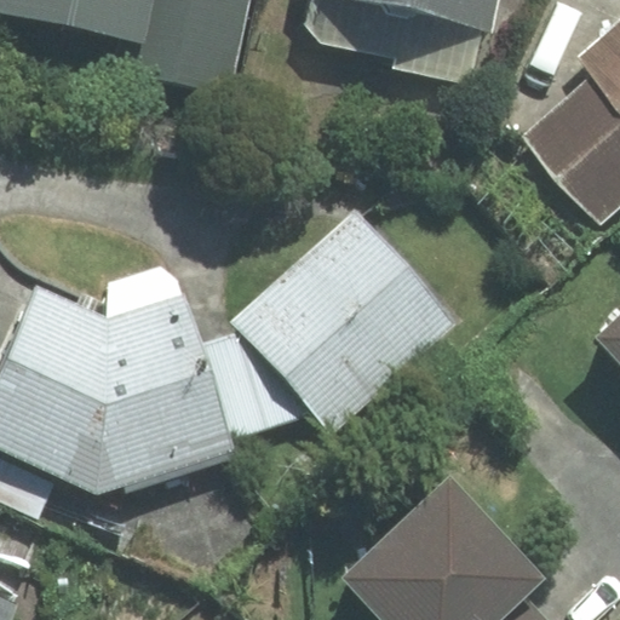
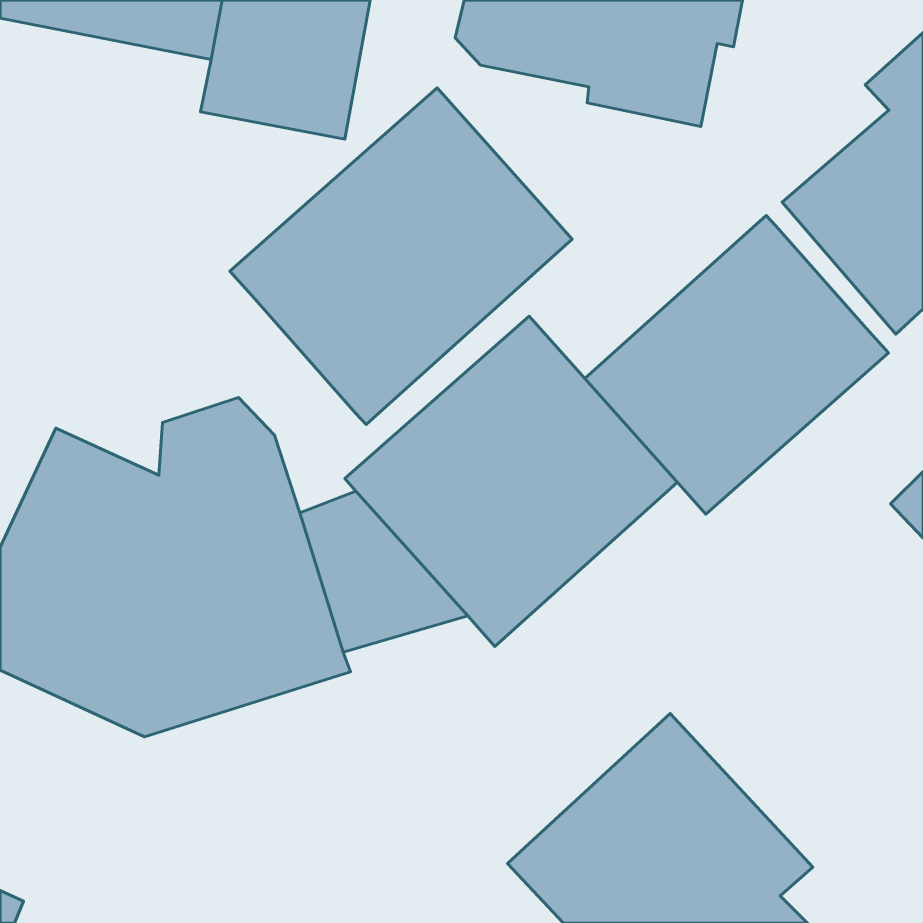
building: none -> [230,88,572,424]
building: none -> [585,216,888,514]

